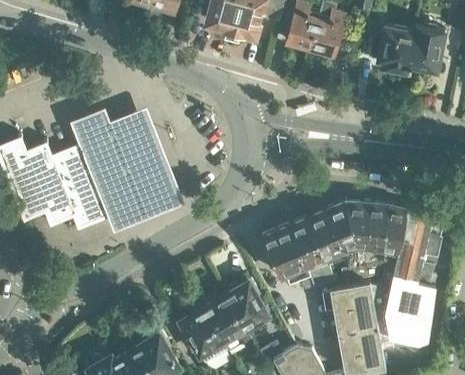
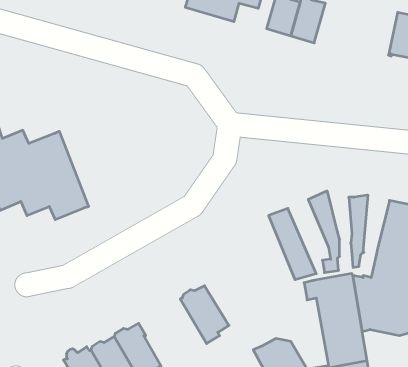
building: [378,25,416,72] -> none
building: [72,108,185,232] -> none
building: [347,201,372,278] -> none
building: [382,205,408,286] -> none
building: [308,209,348,264] -> none
building: [263,225,315,291] -> none
building: [226,280,270,333] -> none
building: [177,307,228,363] -> none

